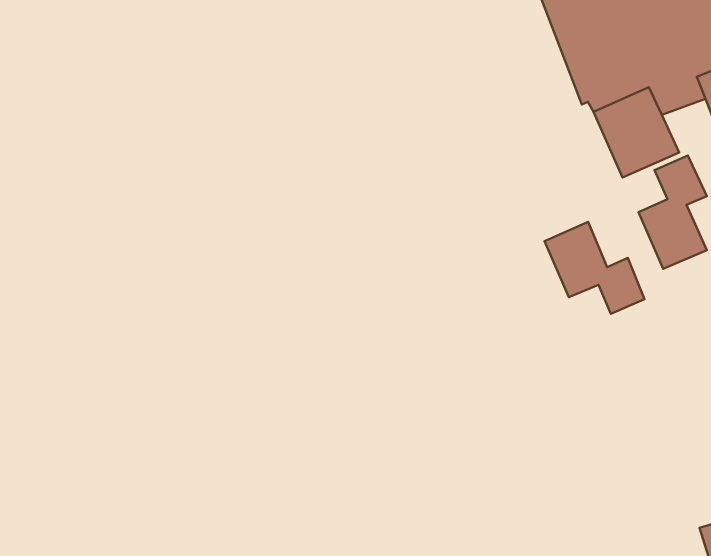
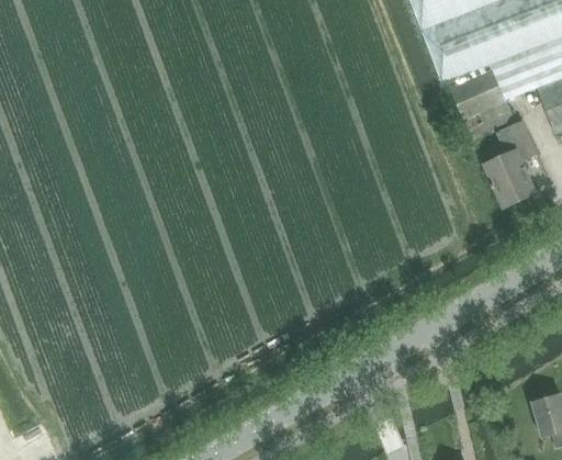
building: [544,222,644,314] -> none

